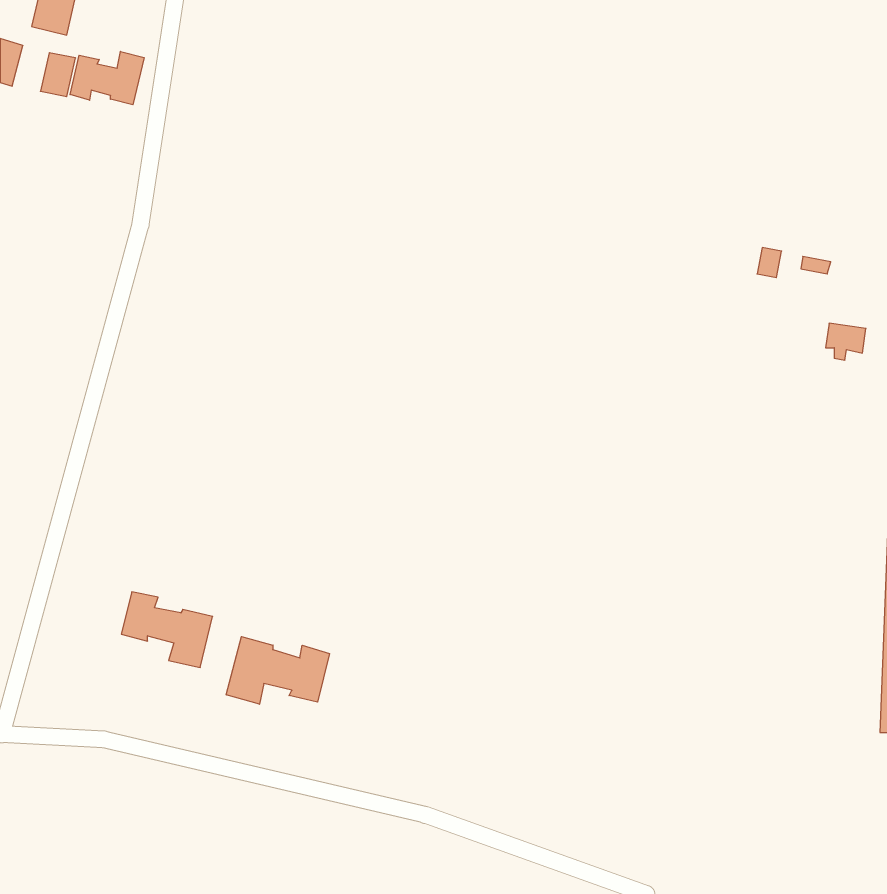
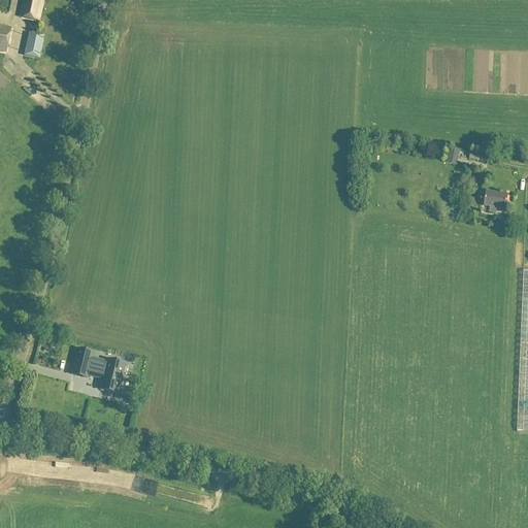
building: [70,51,144,105] -> none
building: [226,637,329,704] -> none

